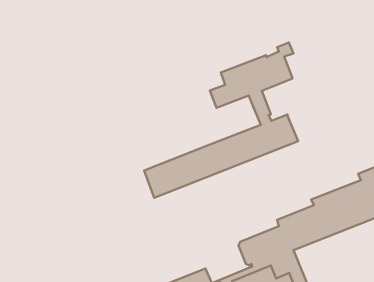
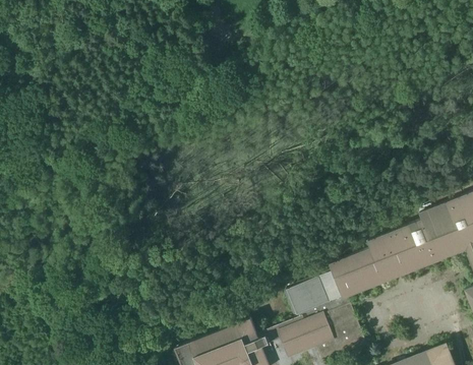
building: [144,42,298,198] -> none

